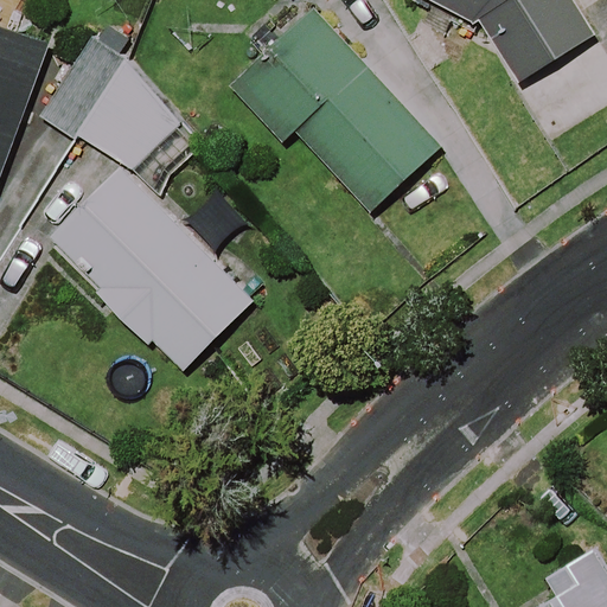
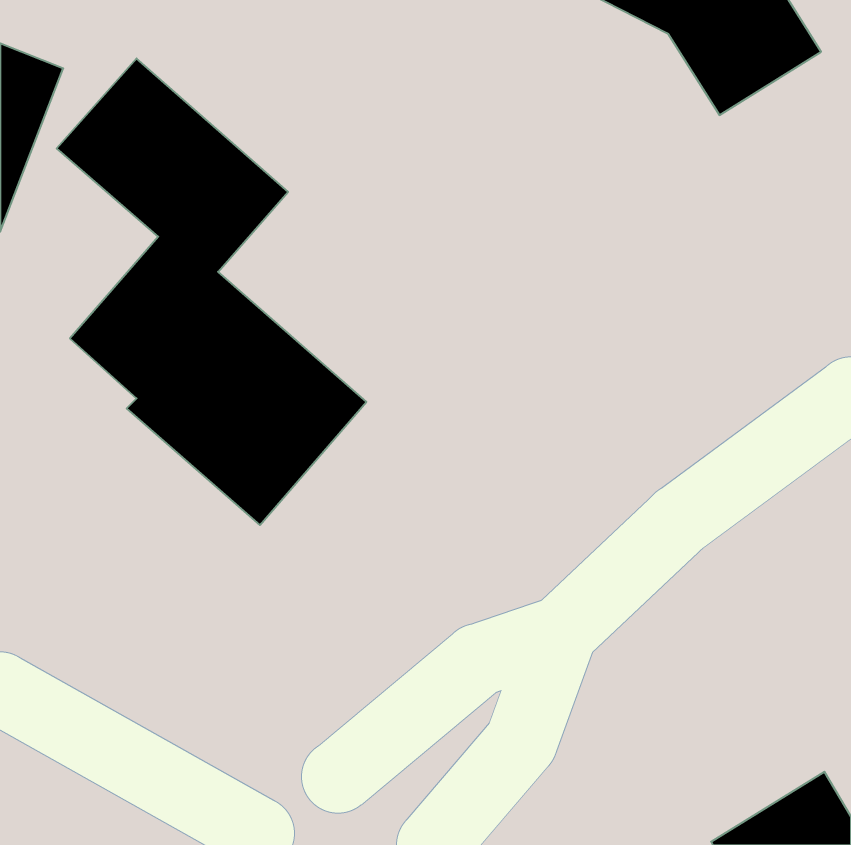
building: [234,7,437,211] -> none

